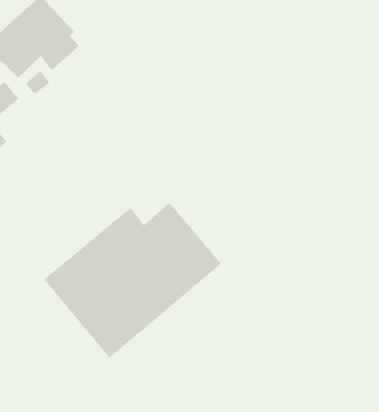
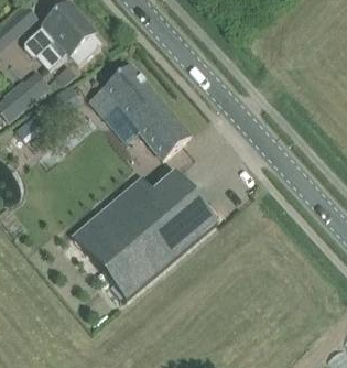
building: none -> [89,64,189,158]

